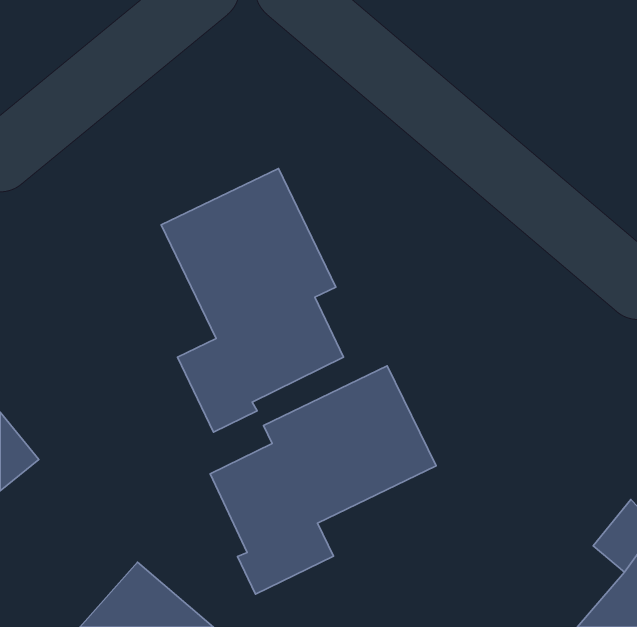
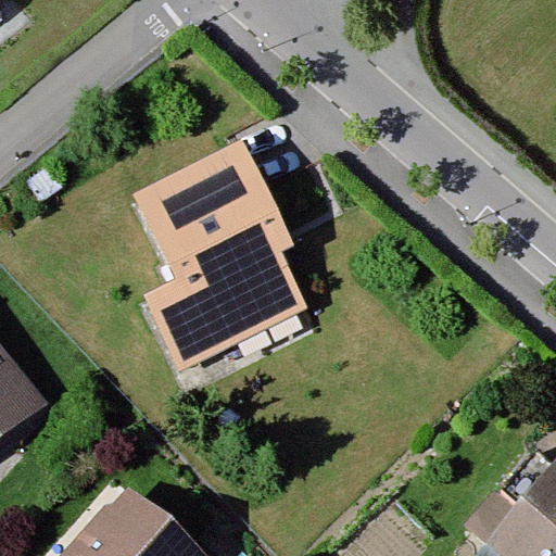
building: [210,366,436,594] -> none

